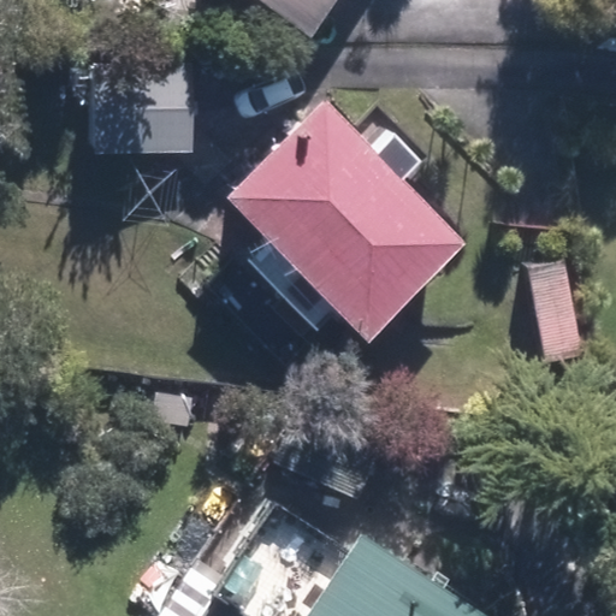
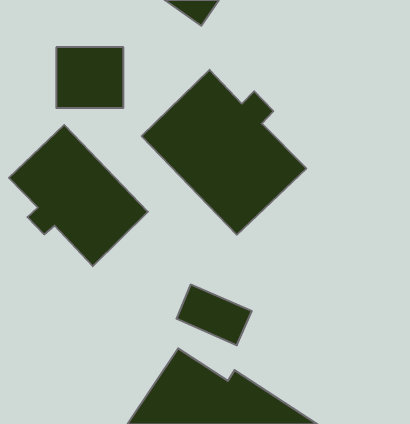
building: none -> [9,125,148,266]

